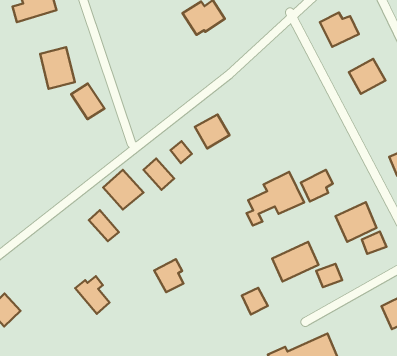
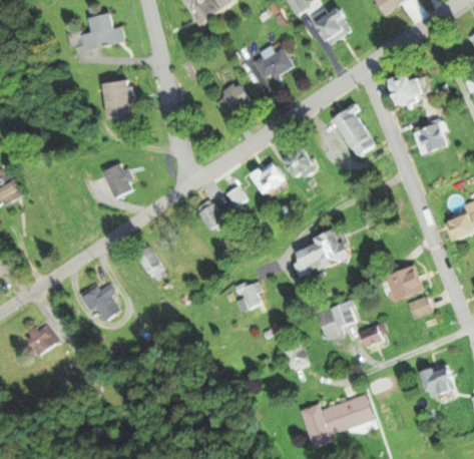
building: none -> [220,82,249,113]
building: none -> [333,107,376,157]
building: [71,83,104,119] -> [102,162,134,198]
building: none -> [284,148,315,179]
building: [103,170,143,209] -> none
building: [301,170,333,201] -> none
building: [154,259,183,292] -> [232,280,261,312]
building: [75,276,110,314] -> [85,284,118,322]

